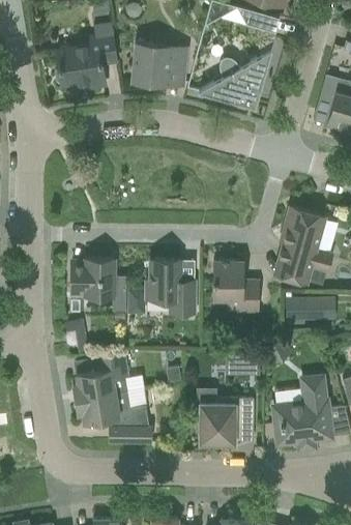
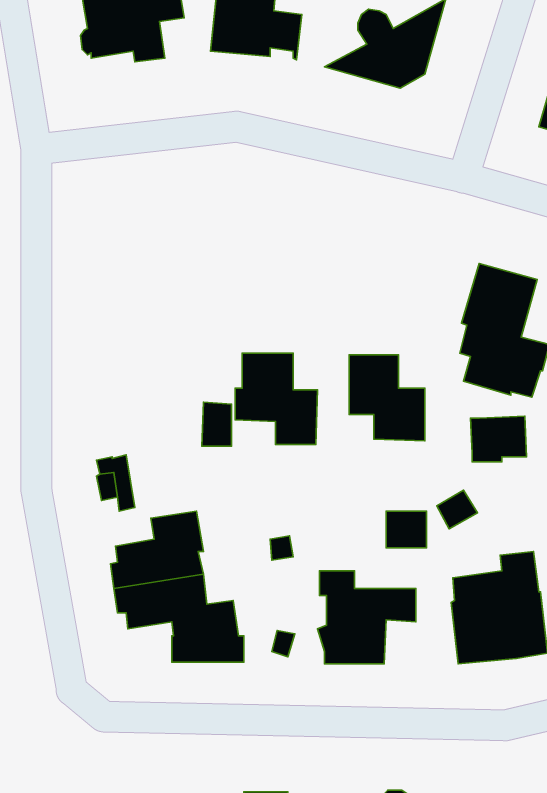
building: [71,259,116,297] -> none

